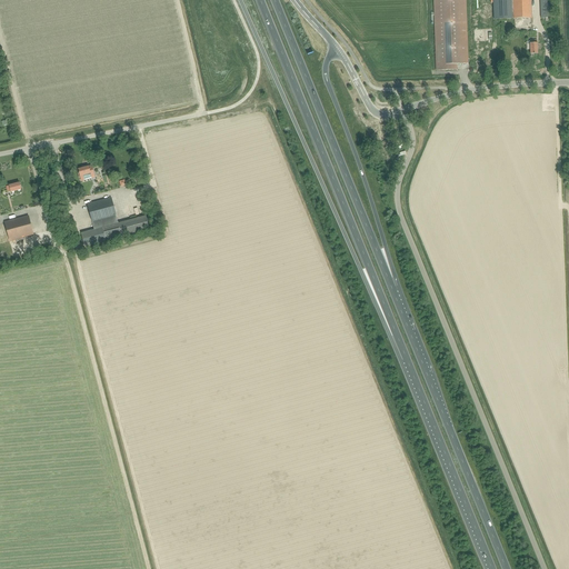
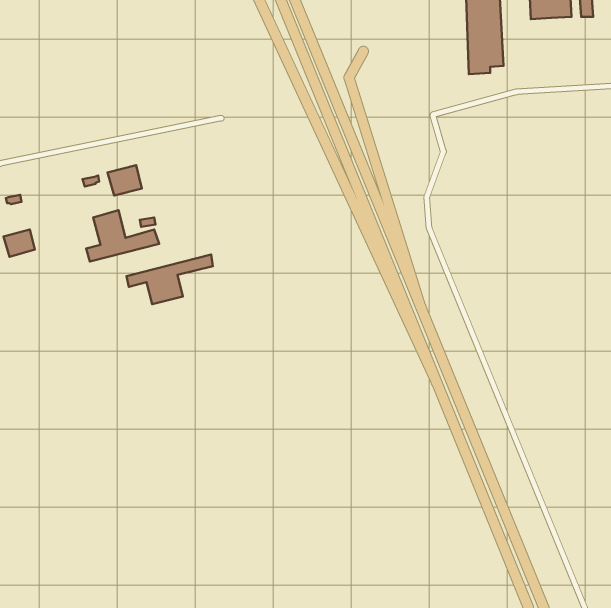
building: none -> [108,165,142,195]
building: none -> [126,254,213,304]

